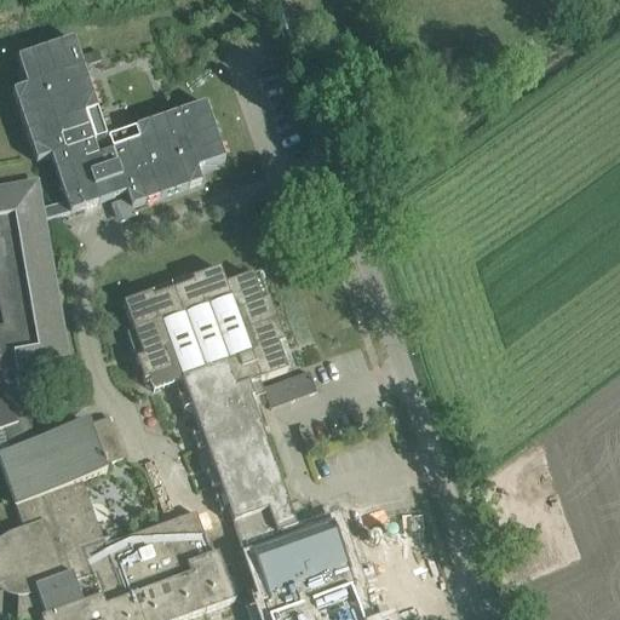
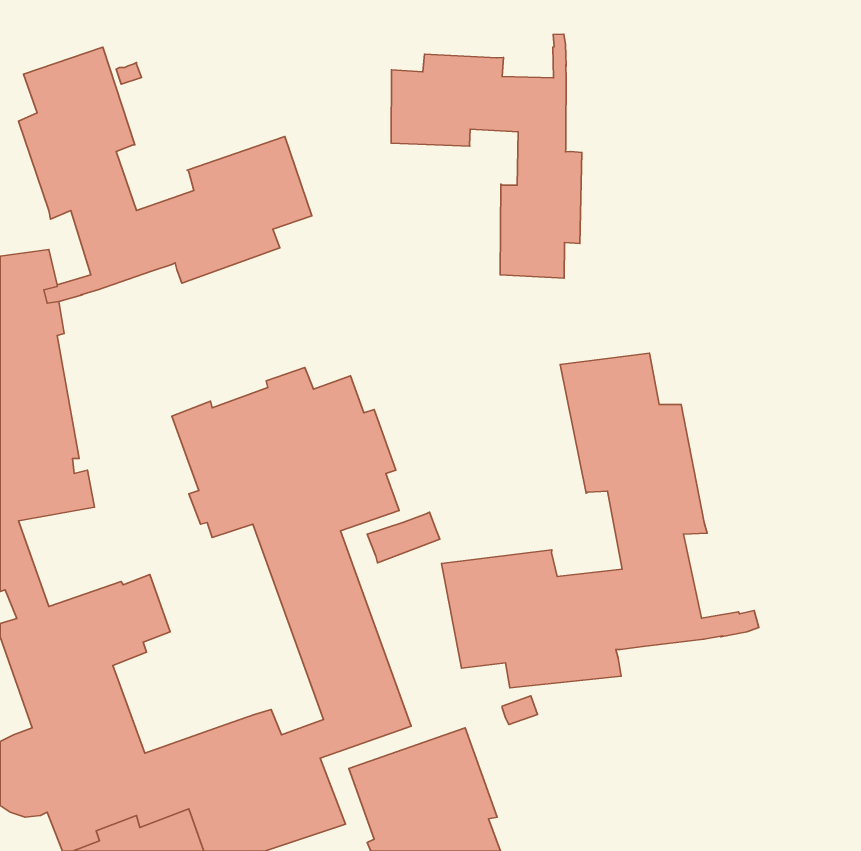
building: none -> [391,34,582,278]
building: none -> [441,353,759,688]

